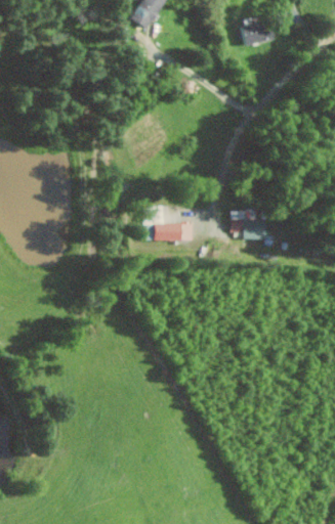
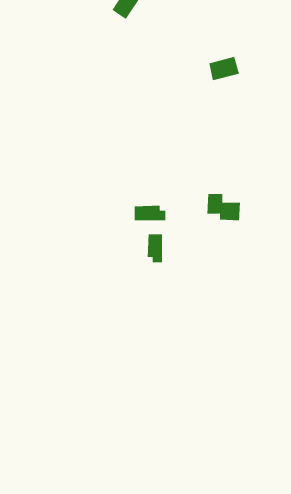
building: [240,18,273,44] -> [208,56,240,81]
building: none -> [147,234,162,263]

